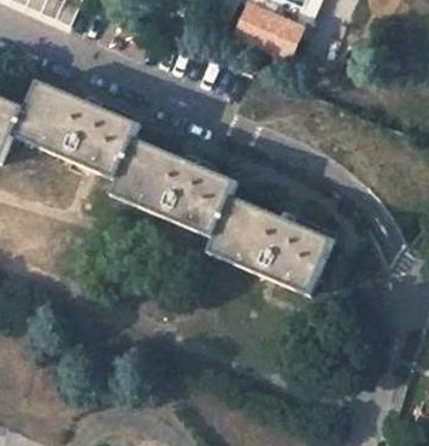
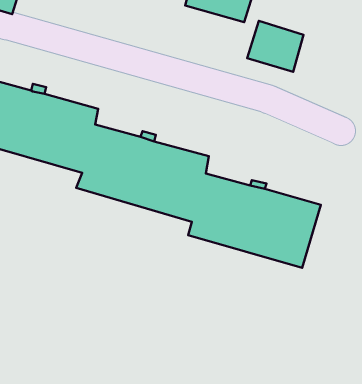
building: none -> [247,21,304,72]

